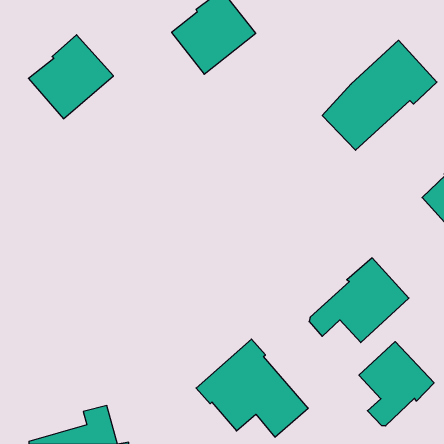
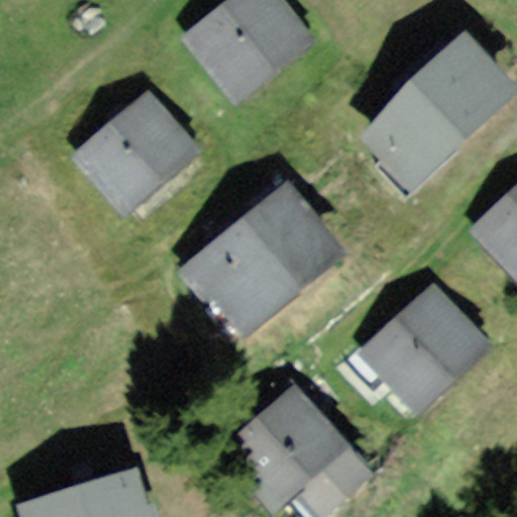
building: [28,35,113,119] -> [87,100,185,197]
building: none -> [194,195,329,316]
building: [359,342,434,426] -> none

